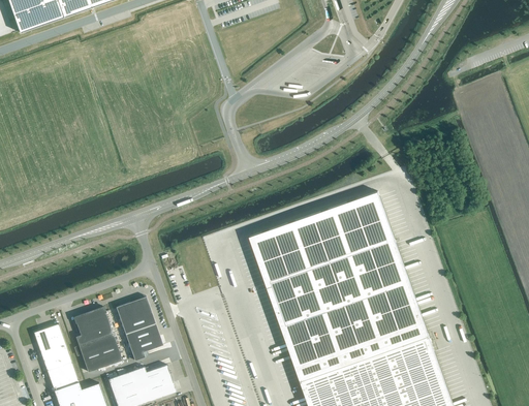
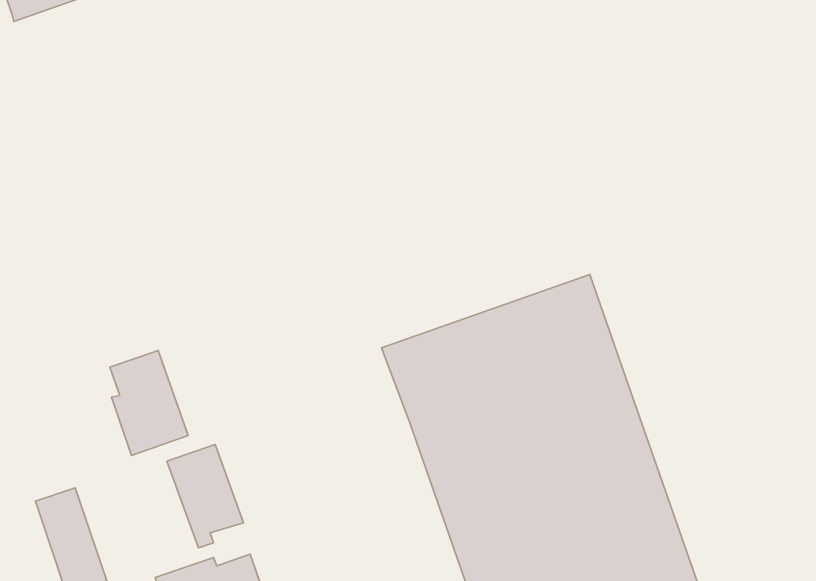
building: [73,307,122,372] -> [110,351,188,456]

